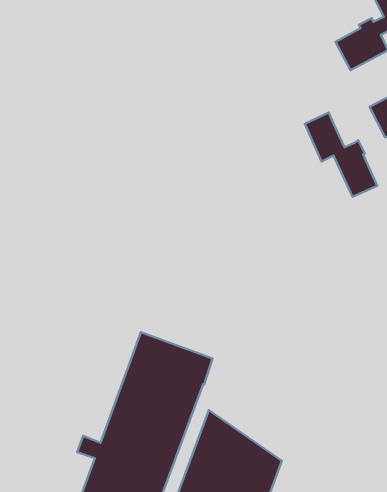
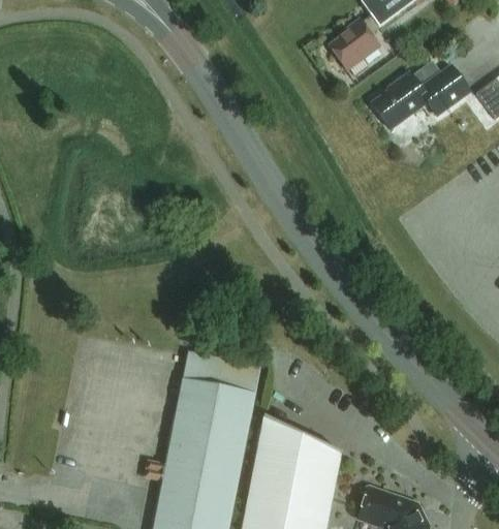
building: [305,112,377,197] -> none

